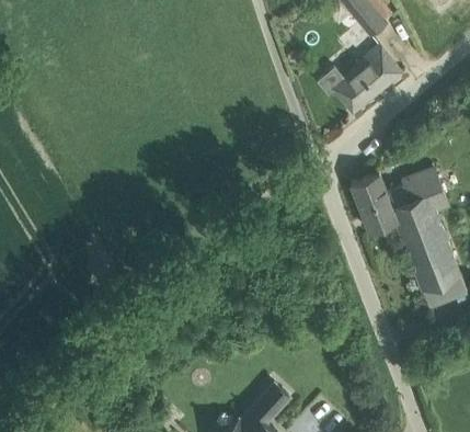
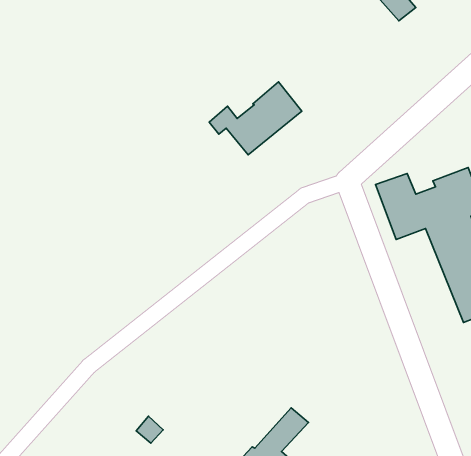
building: [317,45,400,111] -> [209,82,302,155]

